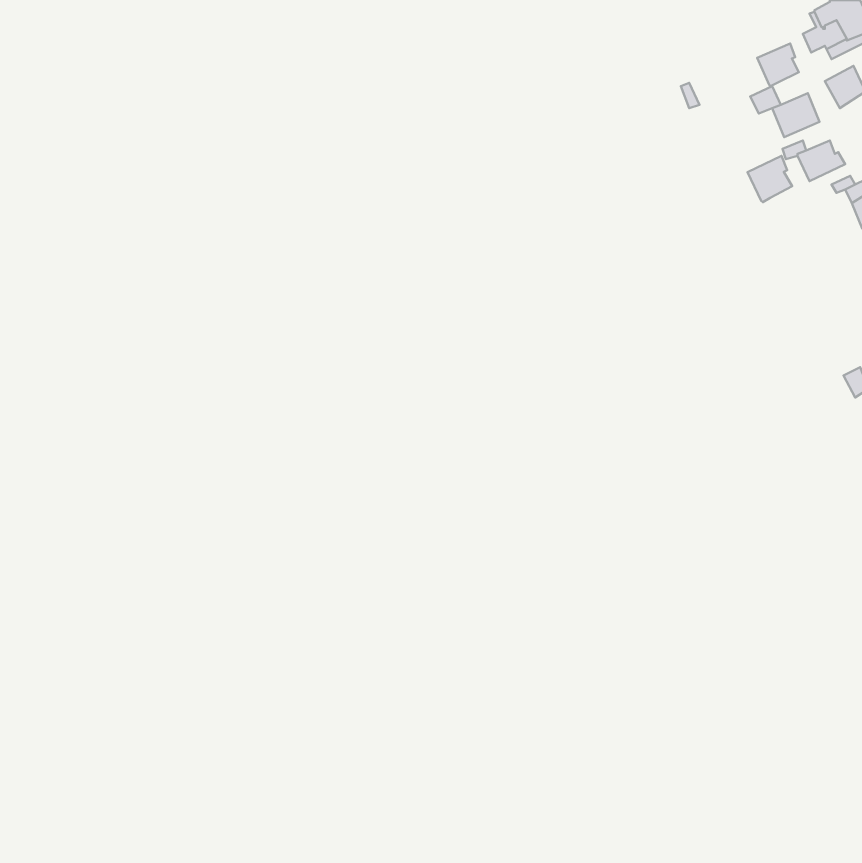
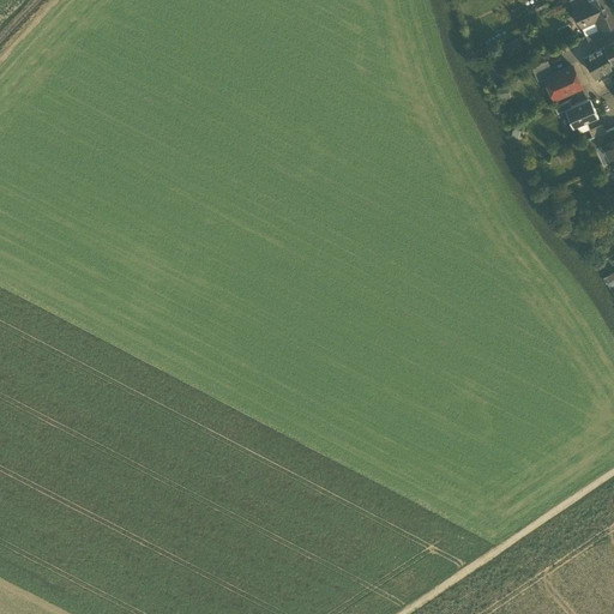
building: [757,44,799,86] -> none
building: [747,156,792,202] -> none

